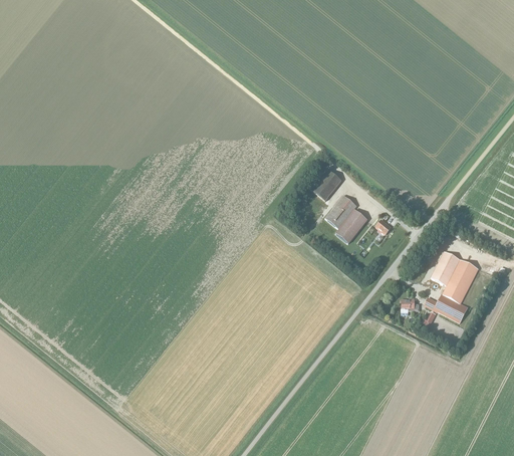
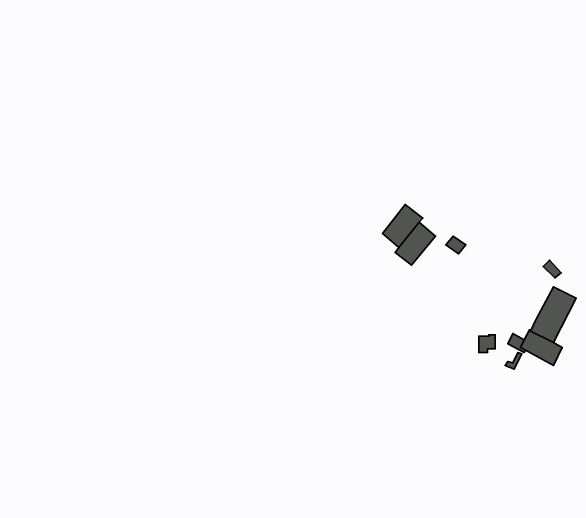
building: [311,169,341,201] -> none
building: [432,252,461,286] -> none

